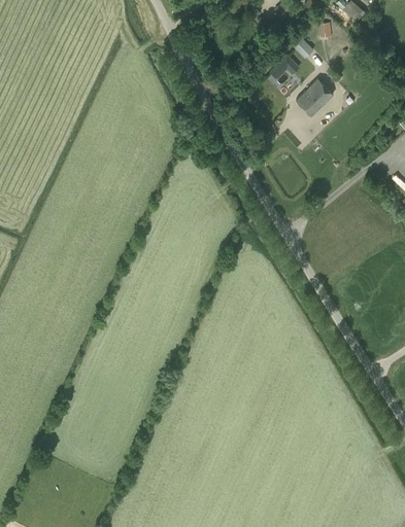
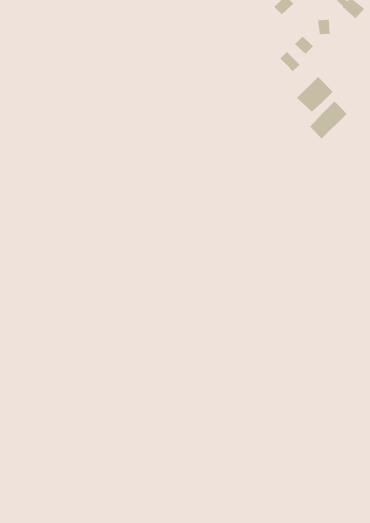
building: none -> [309,101,347,140]

